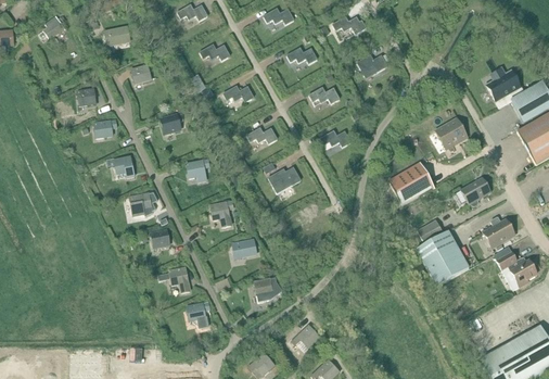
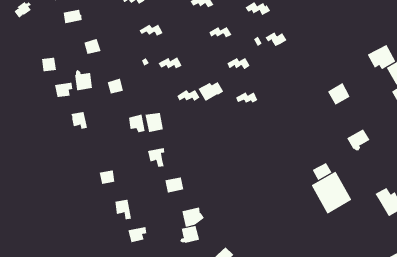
building: none -> [74,69,93,91]
building: none -> [145,112,164,133]
building: [390,164,432,204] -> none
building: [267,167,301,193] -> [197,81,224,102]
building: [129,192,157,217] -> none
building: [483,216,514,248] -> none
building: none -> [179,225,200,244]

